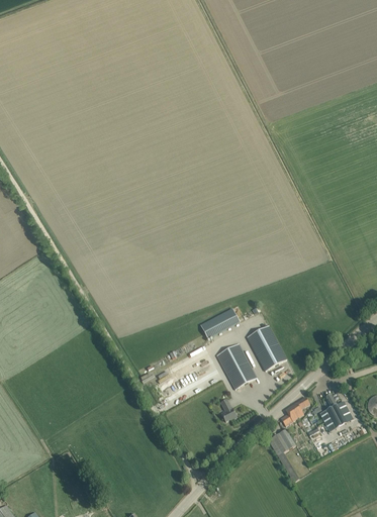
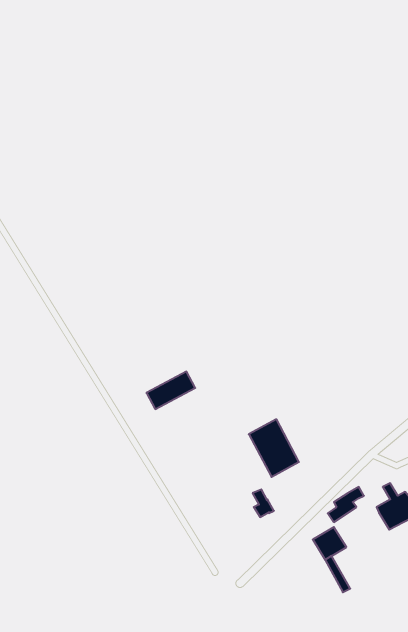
building: [199,307,239,337] -> [146,372,195,409]
building: [247,325,286,371] -> none

